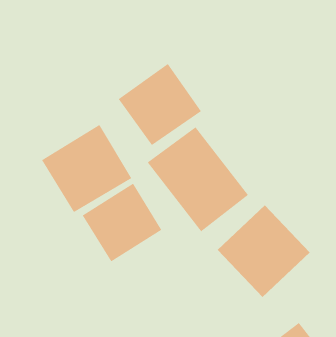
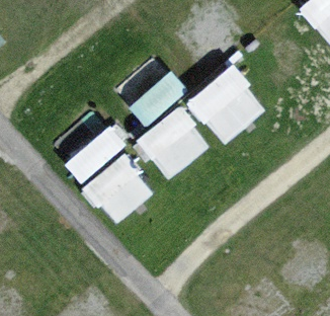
building: [217,204,310,298] -> [188,65,267,144]

